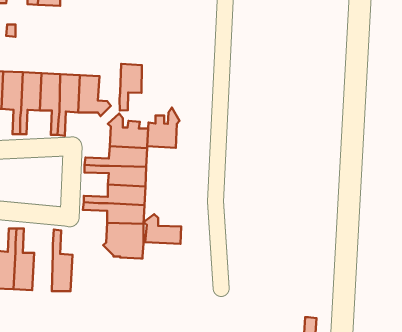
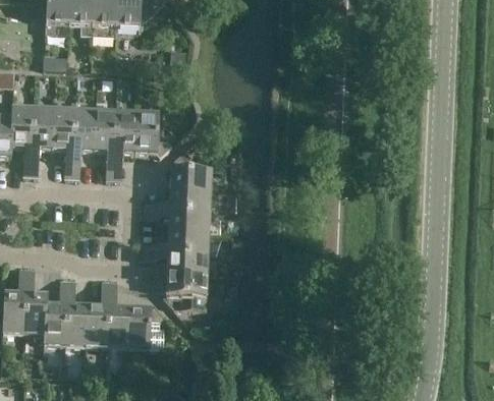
building: [120,64,142,110] -> none
building: [147,107,179,148] -> none
building: [144,214,181,244] -> none
building: none -> [85,279,108,346]
building: none -> [126,304,164,348]

